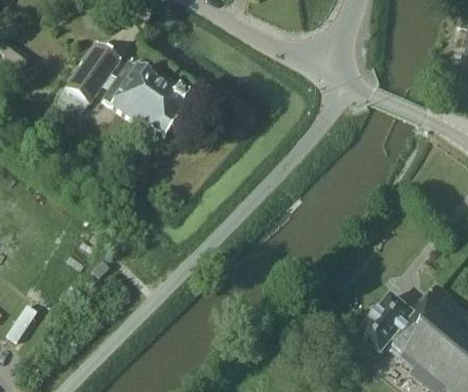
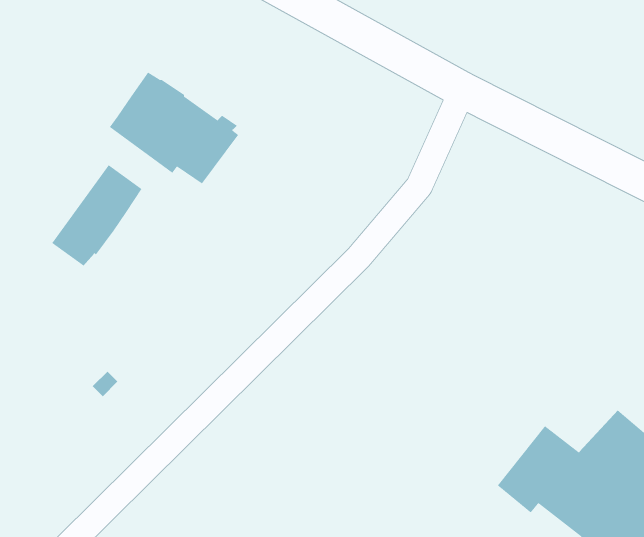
building: [60,42,120,110] -> [51,164,143,266]

